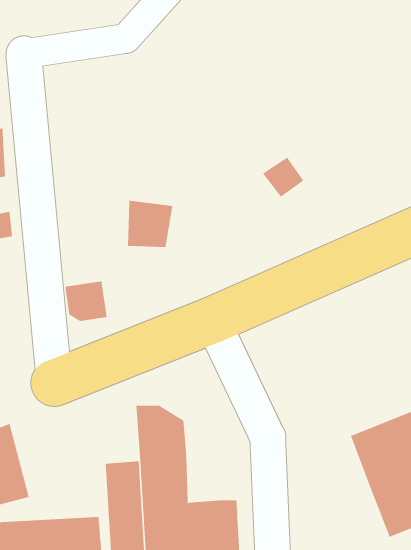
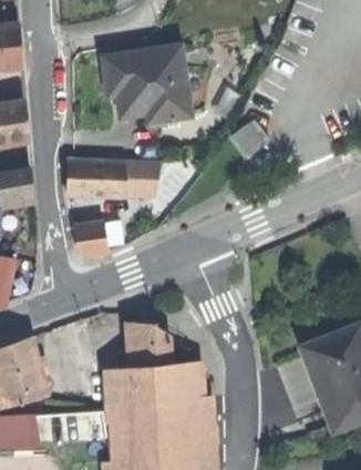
building: none -> [103,47,189,120]
building: none -> [66,161,125,196]
building: none -> [172,362,199,400]

